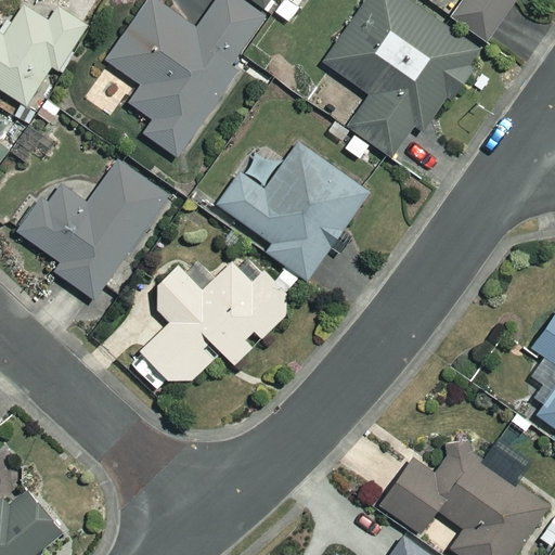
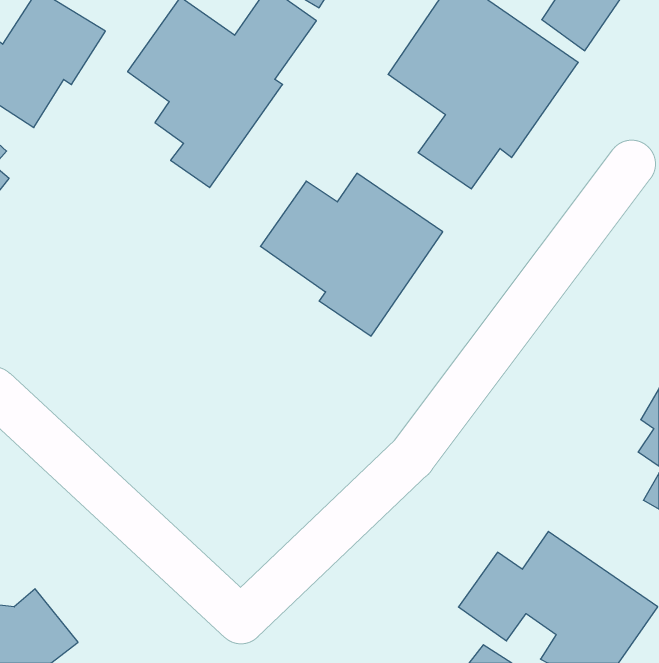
building: [17,162,168,299] -> none
building: [143,262,295,389] -> none

